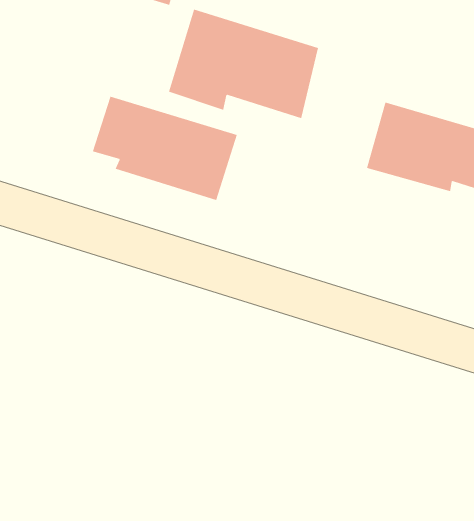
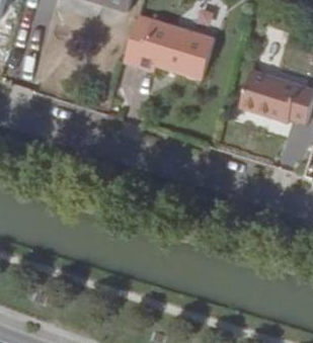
building: [92,96,237,201] -> none

